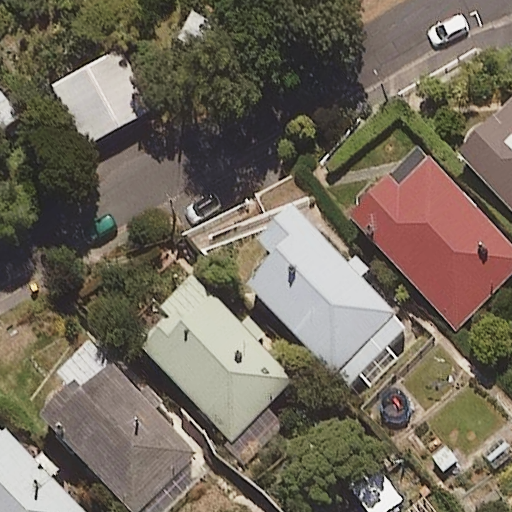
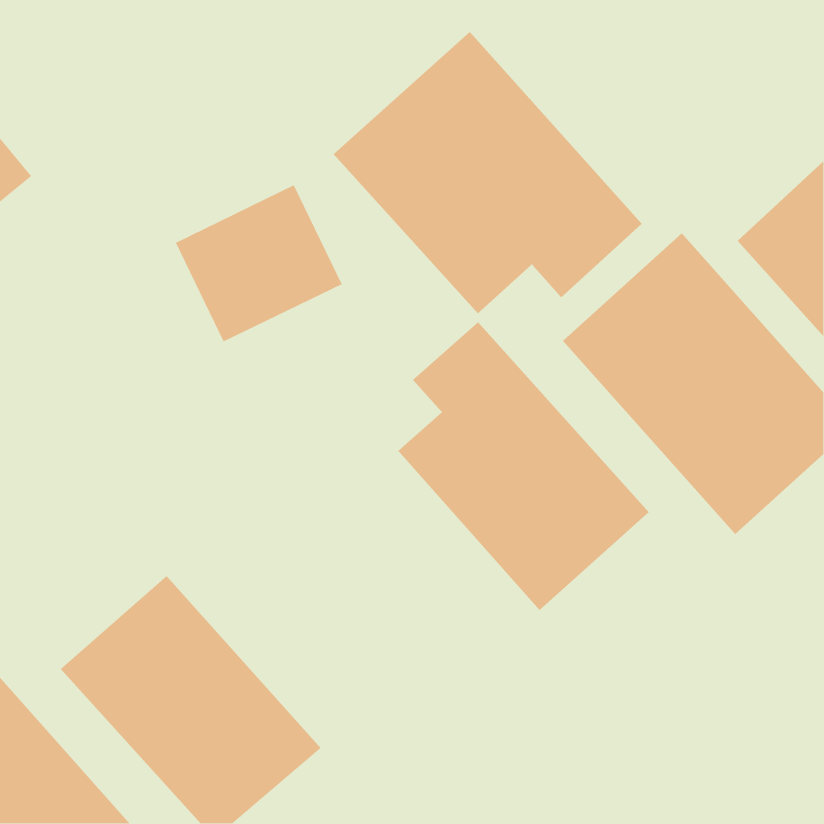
building: none -> [333,31,642,314]
building: [53,50,157,148] -> [175,184,343,343]
building: [143,275,291,441] -> none

